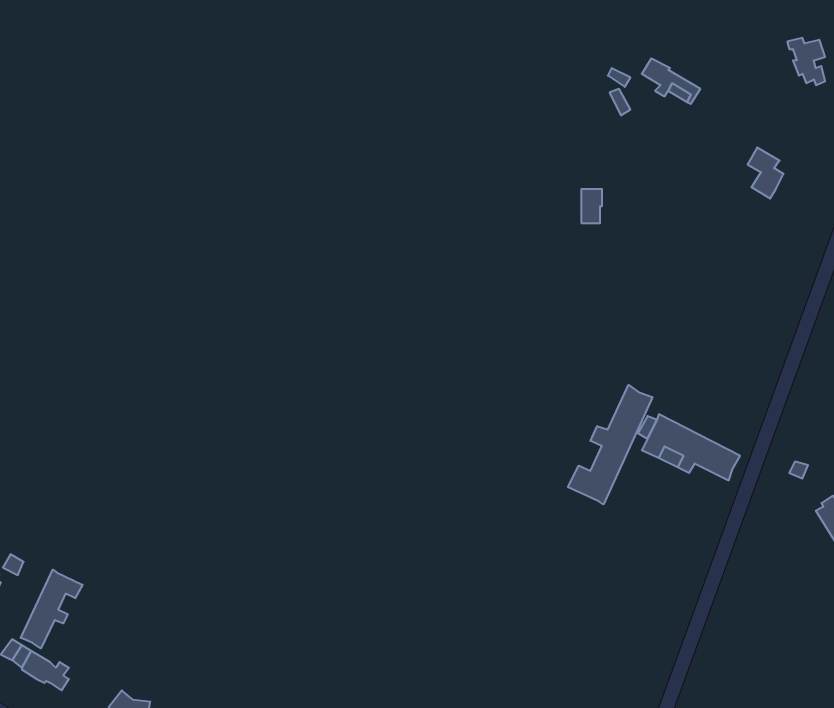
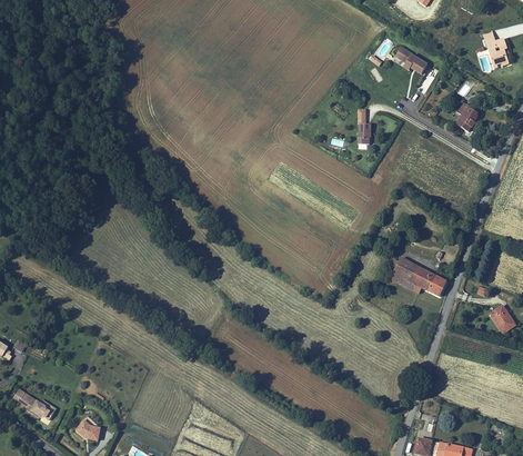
building: [568,385,652,504] -> none
building: [21,570,83,648] -> none

